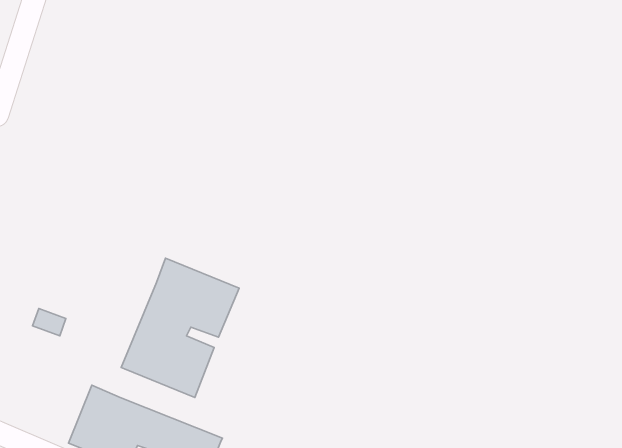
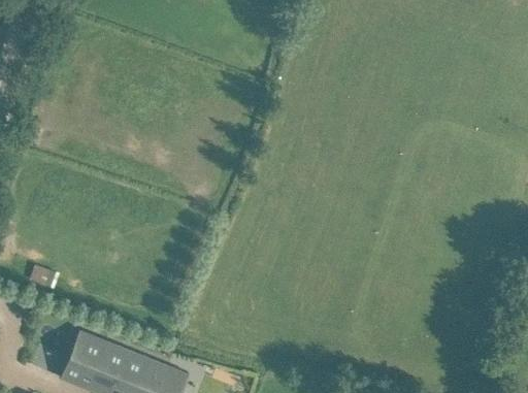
building: [121,258,239,398] -> none

